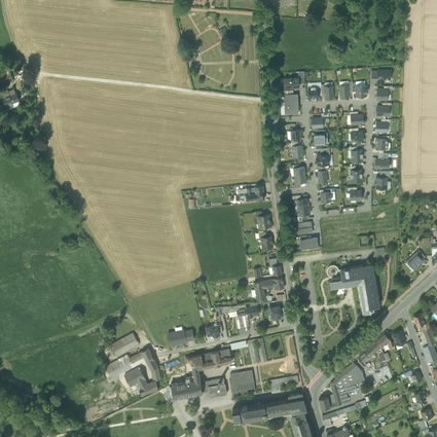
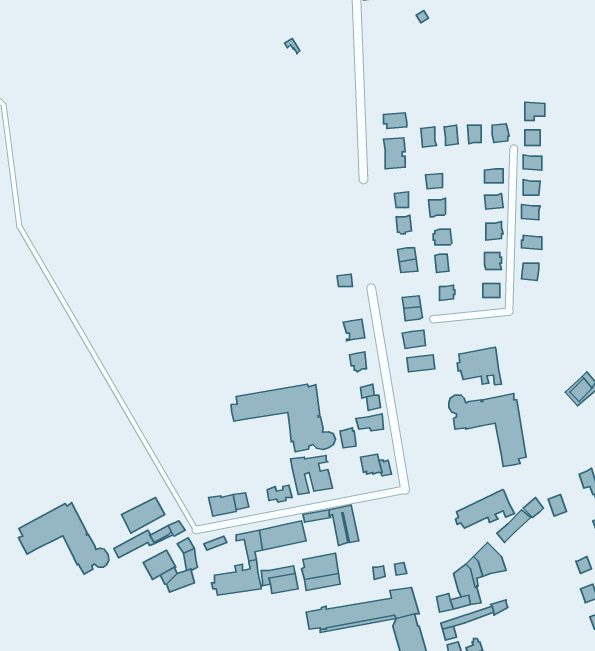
building: none -> [457,347,501,385]
building: none -> [231,384,335,452]
building: none -> [455,489,514,528]
building: none -> [19,502,109,574]

